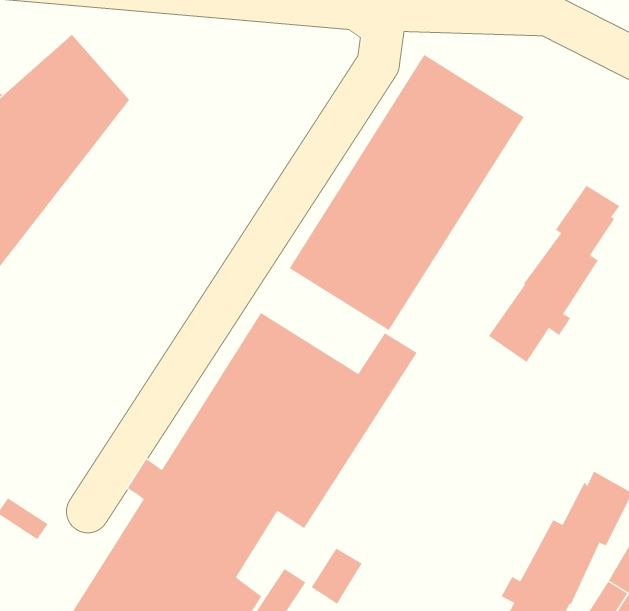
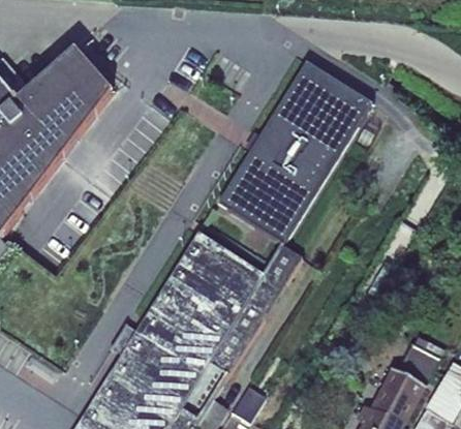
building: [488,185,620,363] -> none

